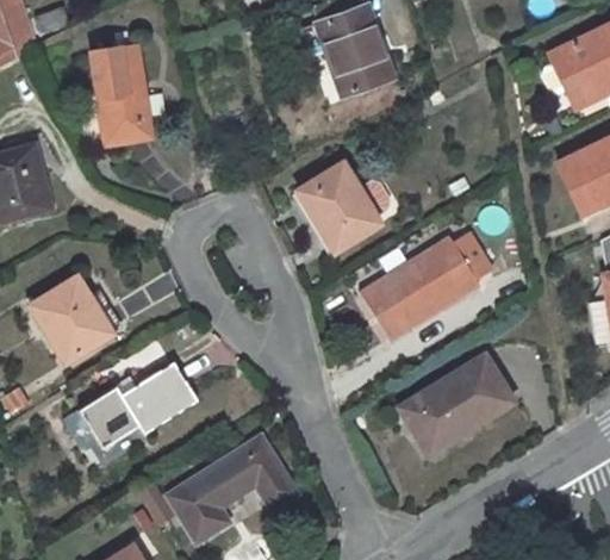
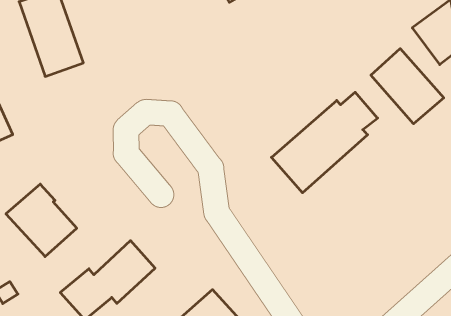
building: [295,162,388,253] -> none
building: none -> [371,49,444,124]
building: [397,354,515,453] -> none

